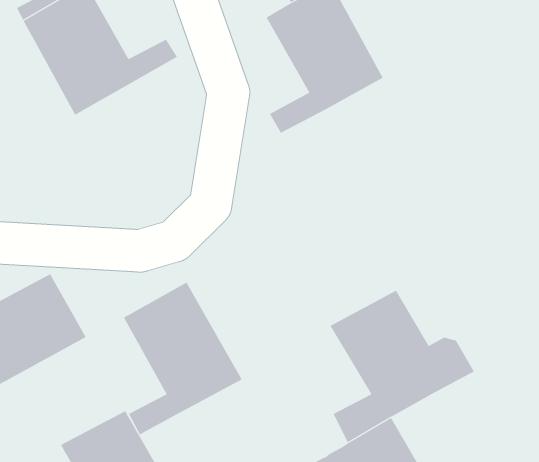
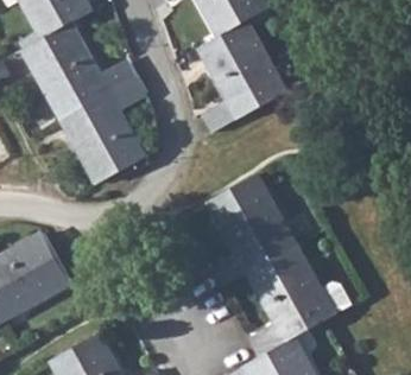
building: none -> [62,76,145,183]
building: [123,282,242,435] -> [209,174,296,286]

